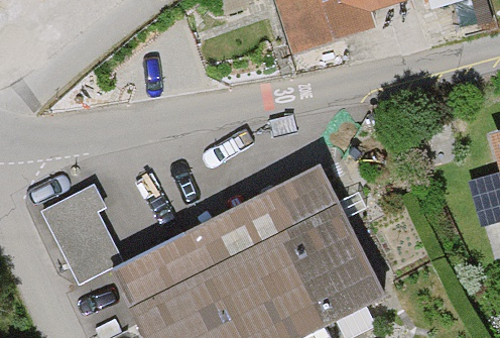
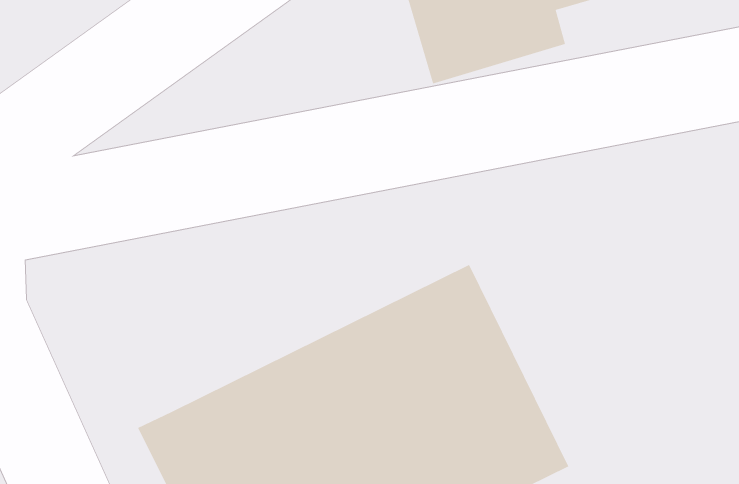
building: [49,184,129,283] -> none

